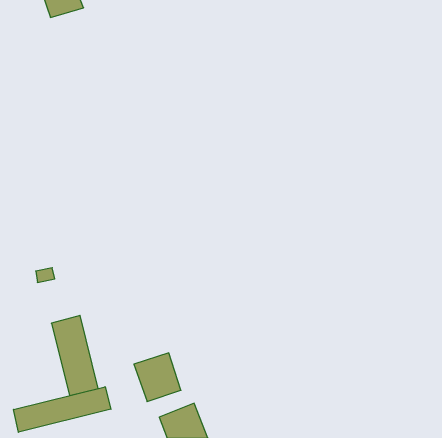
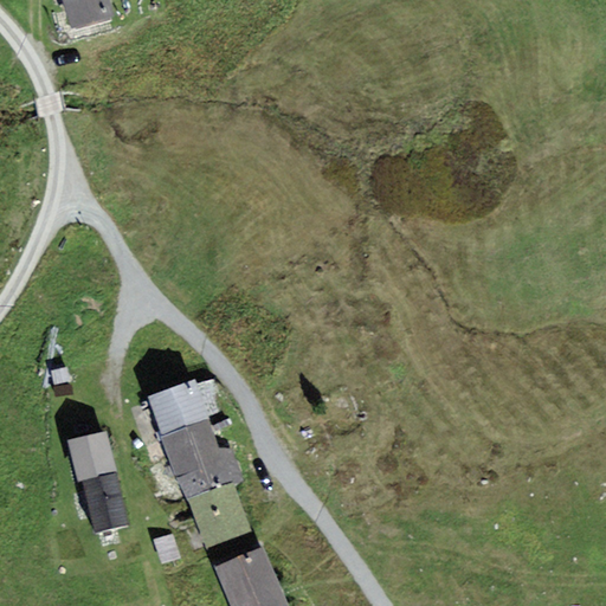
building: none -> [150,381,230,496]
building: [14,387,111,432] -> none

